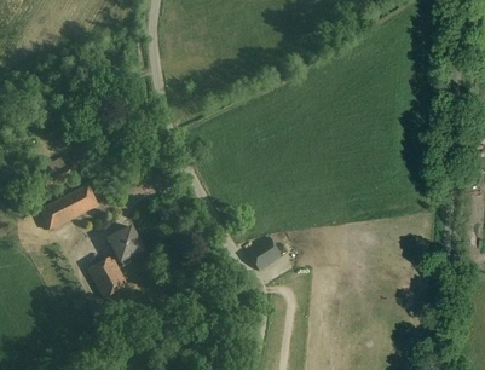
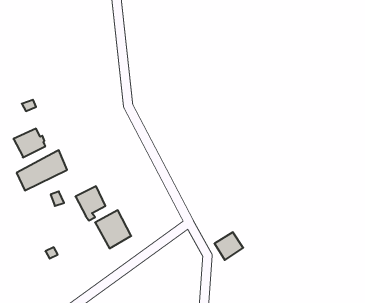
building: [247,237,281,270] -> [214,232,243,260]
building: [86,254,128,299] -> [95,210,131,248]

